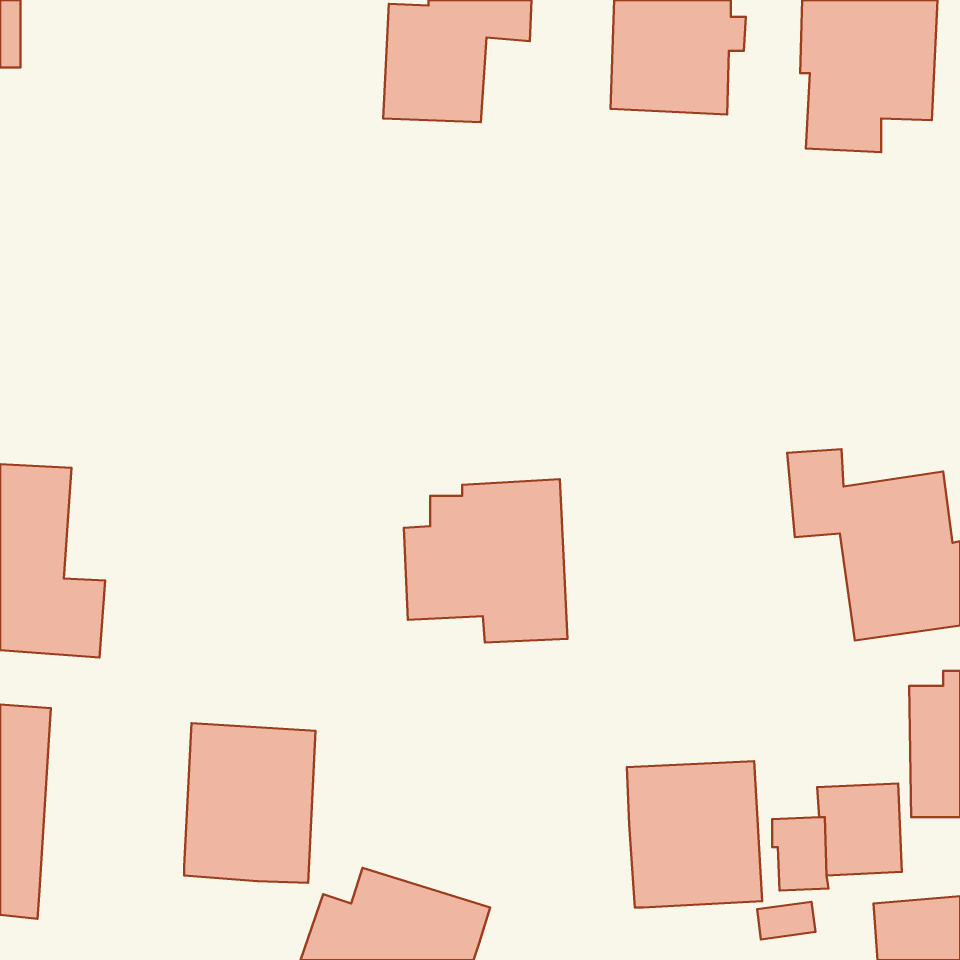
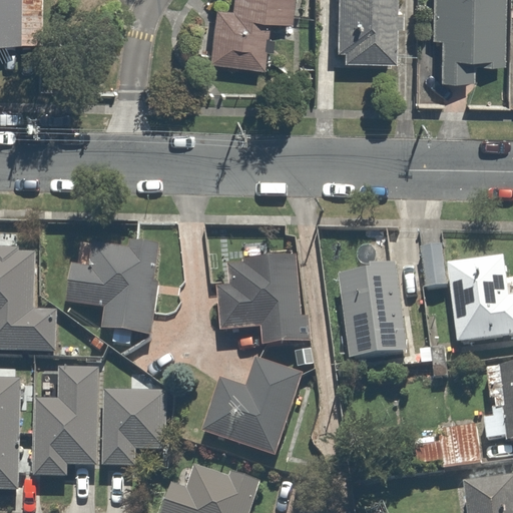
building: none -> [65,241,157,335]
building: none -> [338,251,411,359]
building: none -> [200,355,303,458]
building: none -> [29,365,103,478]
building: [627,761,762,907] -> none

